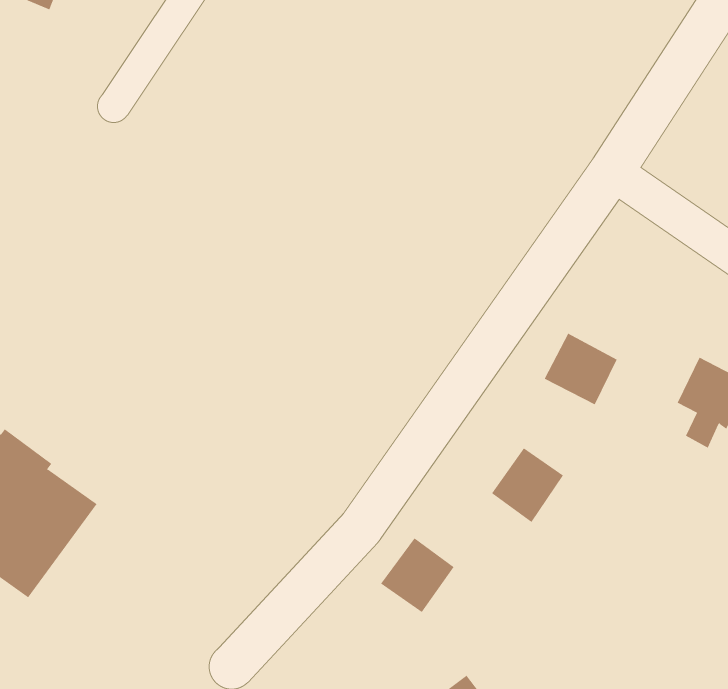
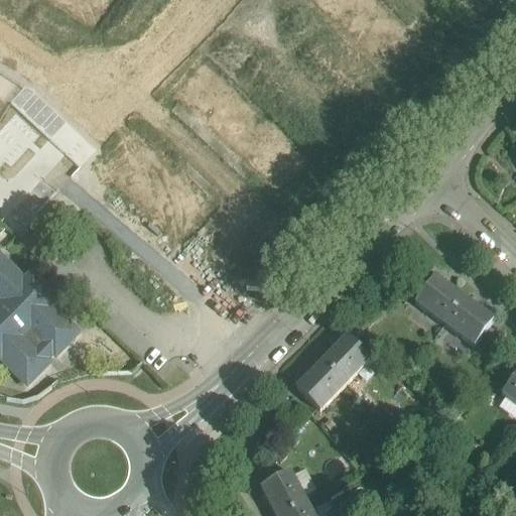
building: [544,333,618,405] -> [415,273,463,320]
building: [380,537,455,613] -> [296,359,344,406]

